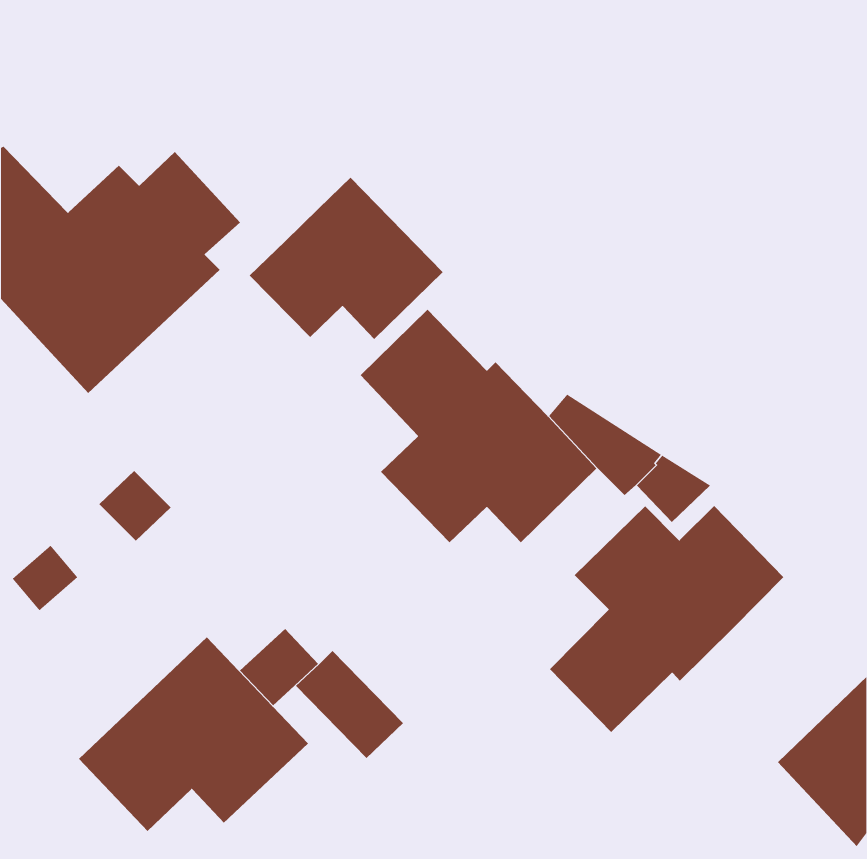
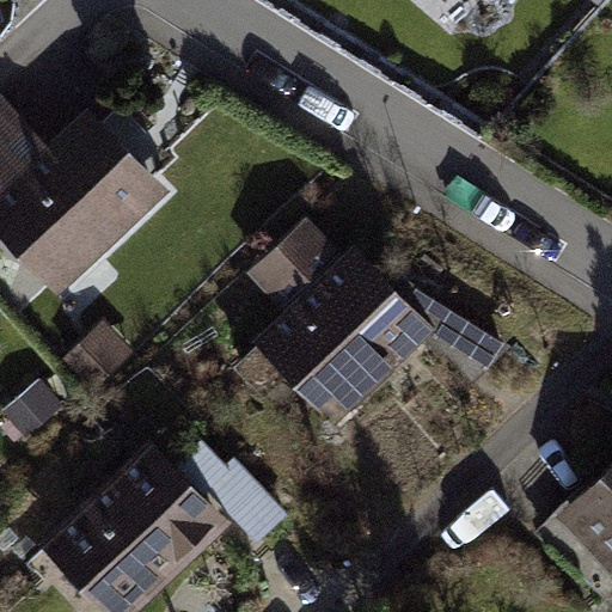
building: [249,177,444,340] -> none
building: [549,505,784,733] -> none

